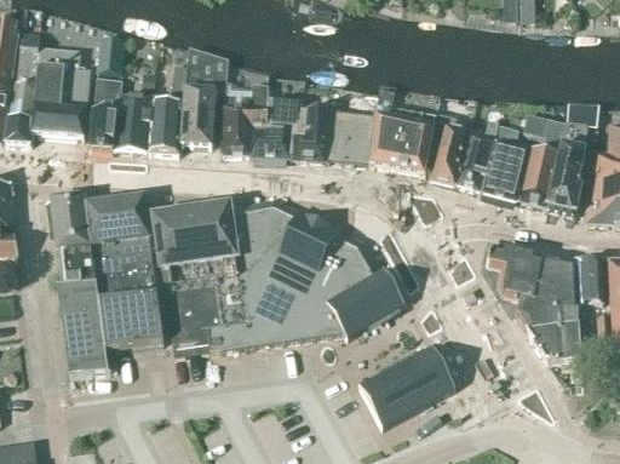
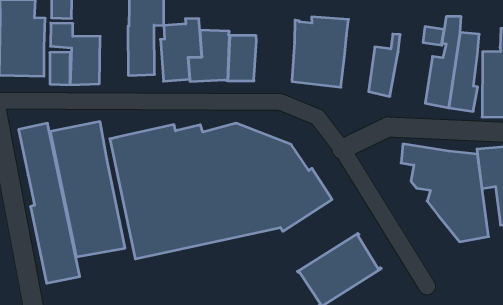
building: [150,63,188,153] -> none
building: [326,114,375,162] -> none
building: [431,114,467,182] -> none
building: [483,122,529,200] -> none

